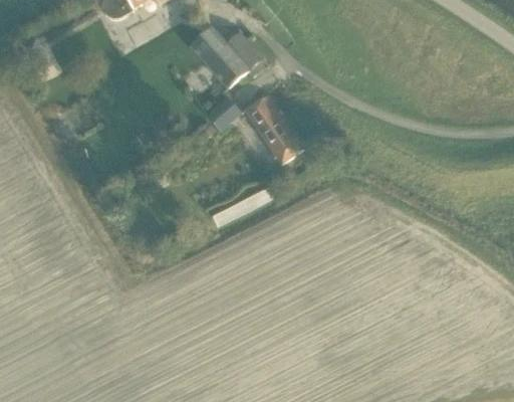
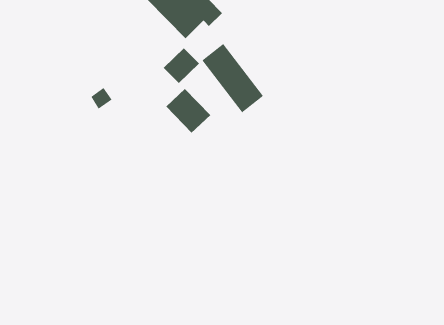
building: none -> [165,88,211,133]

